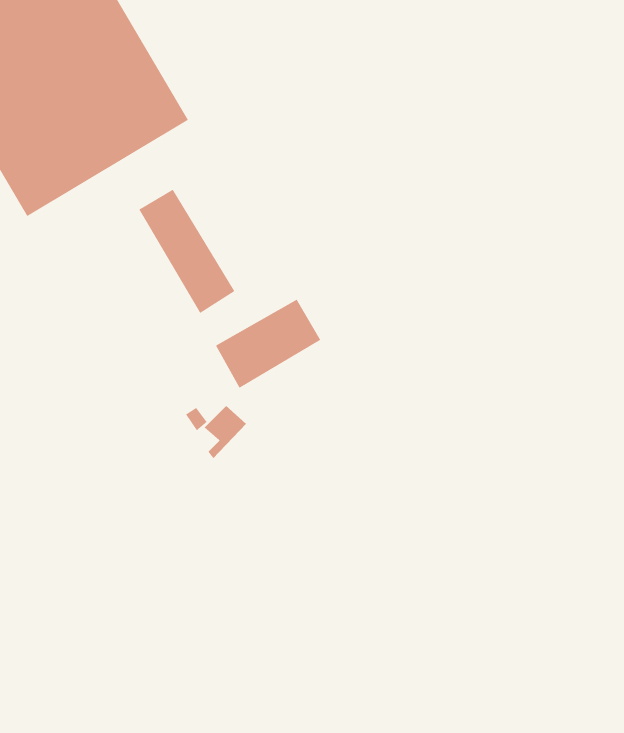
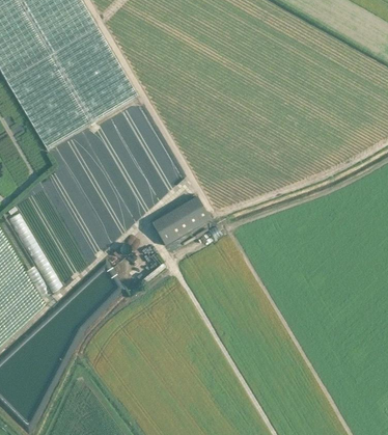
building: [138,189,235,314] -> none

